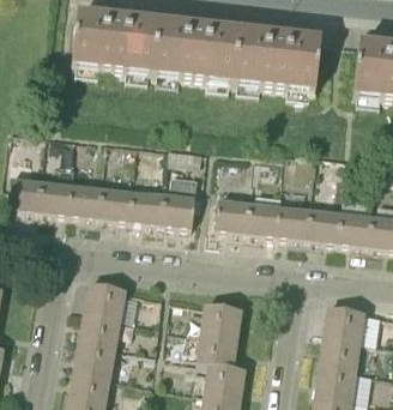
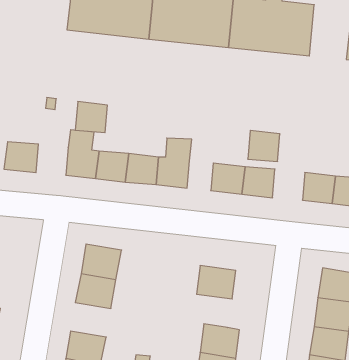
building: [40,181,72,212] -> [75,102,107,133]
building: [278,206,310,237] -> [248,130,280,161]
building: [196,332,237,366] -> none
building: [74,340,115,375] -> none

